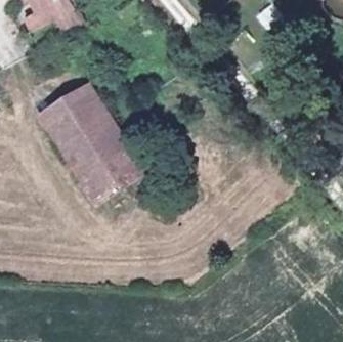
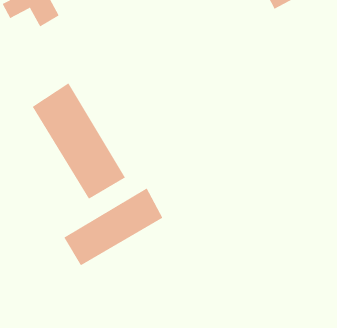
building: none -> [63,187,163,266]

